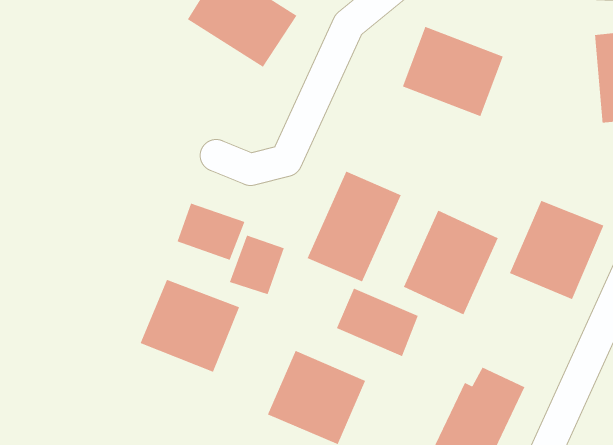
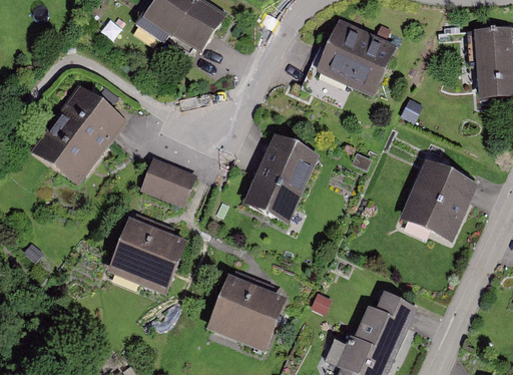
building: none -> [27,81,125,183]
building: [403,210,499,315] -> none
building: [229,234,285,295] -> none
building: [336,288,419,357] -> none

